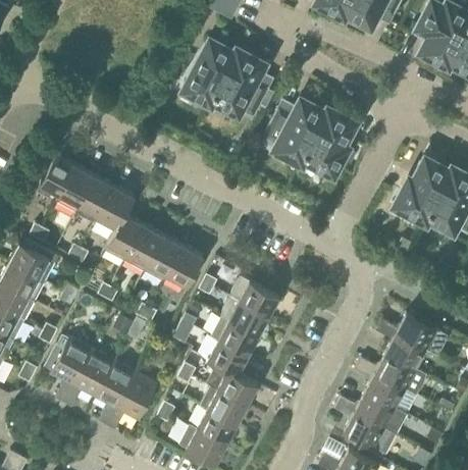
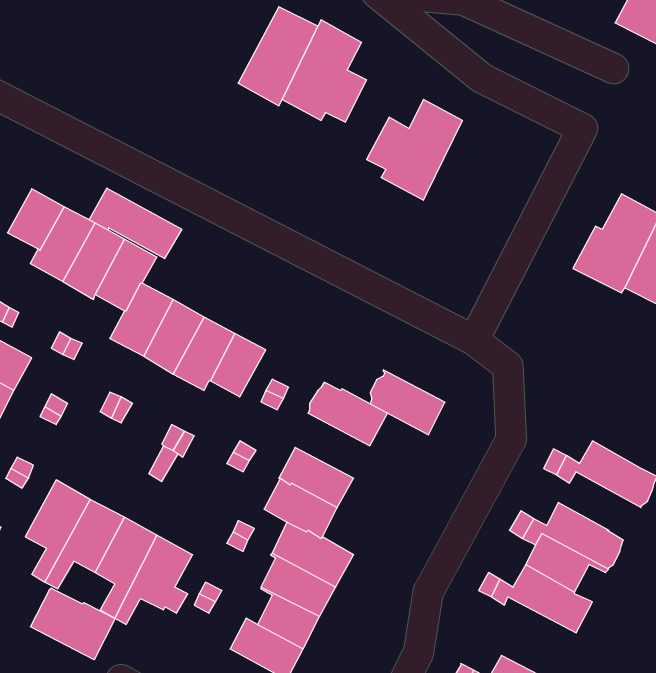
building: [303,109,354,174] -> none
building: none -> [89,188,182,259]
building: [220,297,267,337] -> [370,370,445,435]
building: [385,333,437,370] -> none
building: none -> [31,588,115,660]
building: [344,412,397,448] -> none

